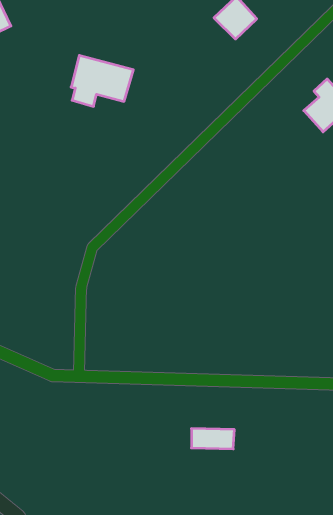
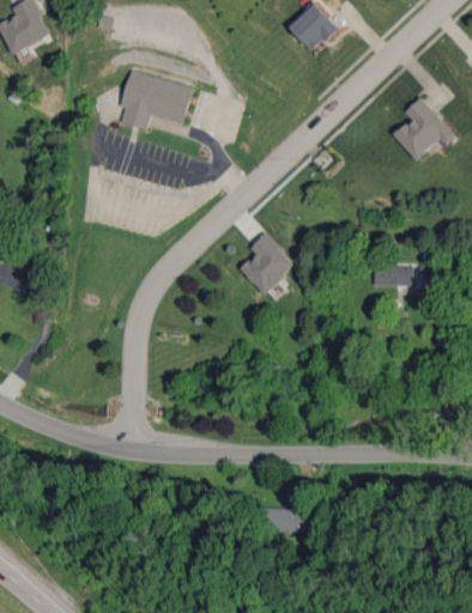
building: none -> [240,233,295,293]
building: none -> [373,265,412,286]

